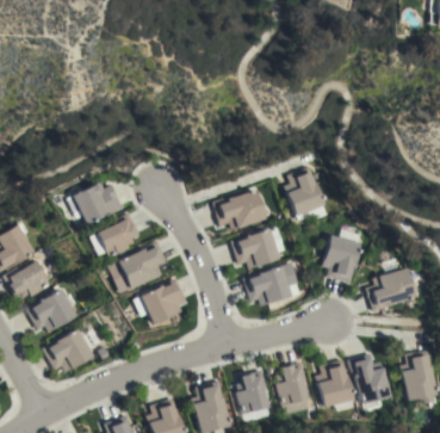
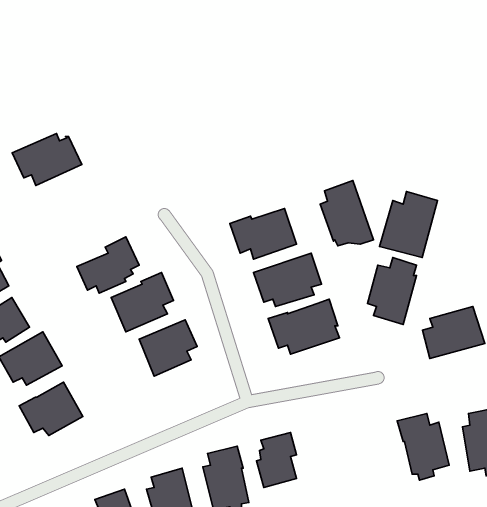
building: none -> [379,191,437,257]
building: [67,183,123,224] -> [12,133,82,185]
building: [314,360,353,410] -> none
building: [273,361,308,415] -> none

